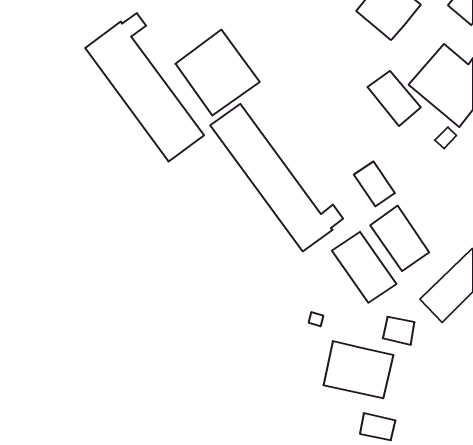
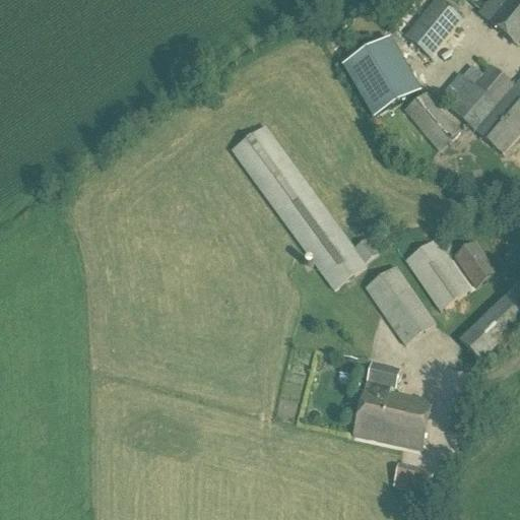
building: [85,13,204,162] -> none
building: none -> [339,38,419,120]
building: [175,30,260,116] -> none
building: [354,161,395,206] -> [450,236,495,284]
building: [383,317,415,345] -> [366,361,400,391]

